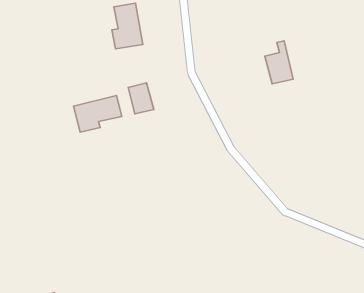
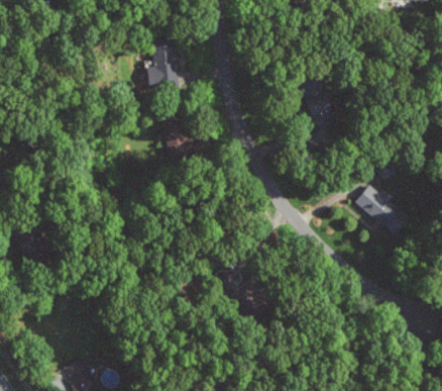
building: [73,96,122,132] -> none
building: none -> [355,186,410,236]

